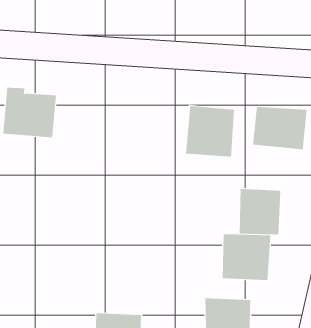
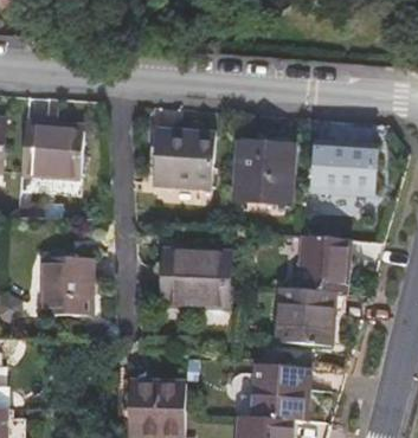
building: none -> [152,130,216,187]
building: none -> [160,256,227,309]
building: none -> [39,258,90,316]

